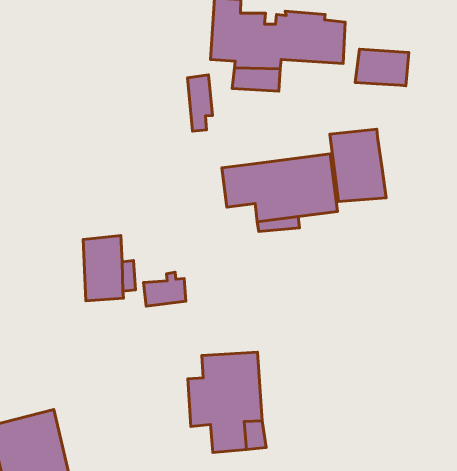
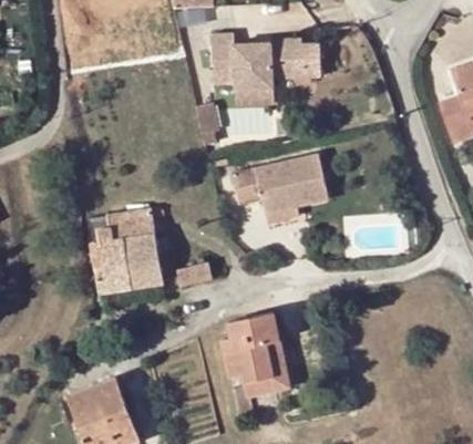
building: [355,49,409,86] -> none
building: [330,129,386,201] -> none
building: none -> [91,210,156,295]

